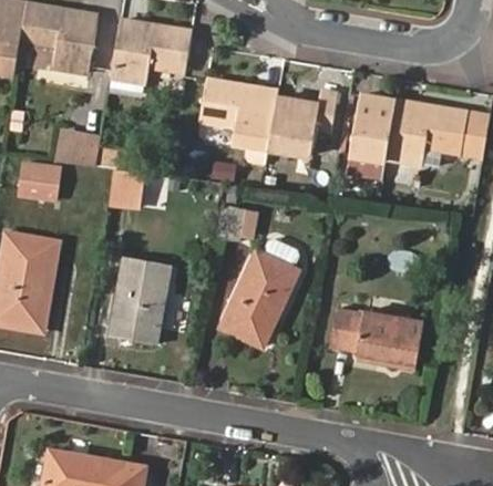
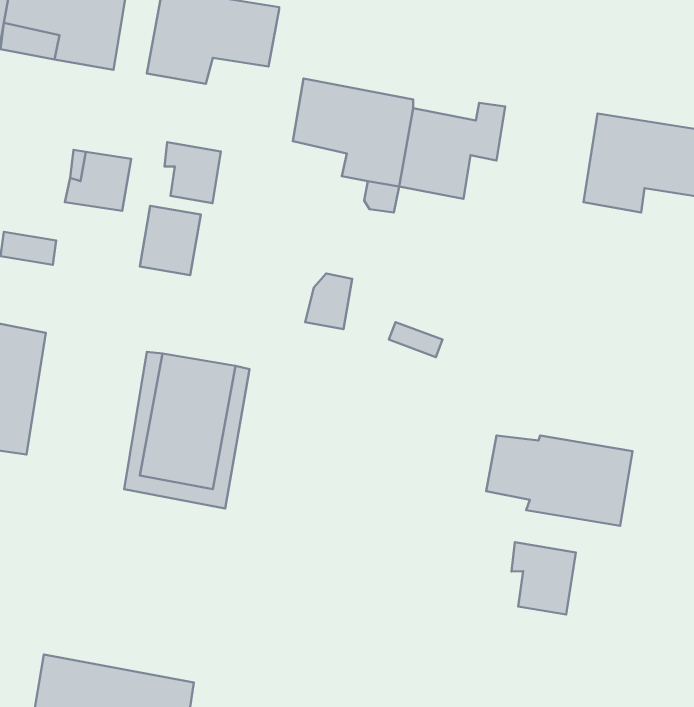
building: [353,99,398,164] -> none
building: none -> [164,142,221,203]
building: [217,250,294,344] -> none
building: none -> [511,542,576,615]

